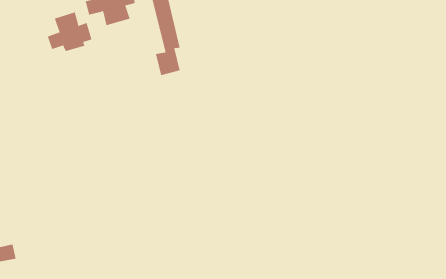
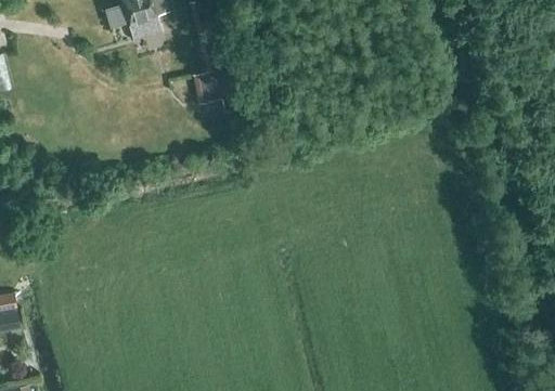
building: [47,12,92,52] -> none

